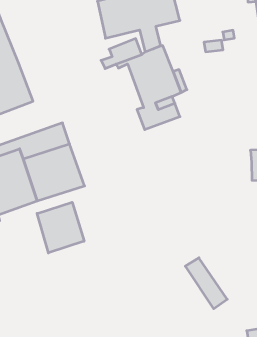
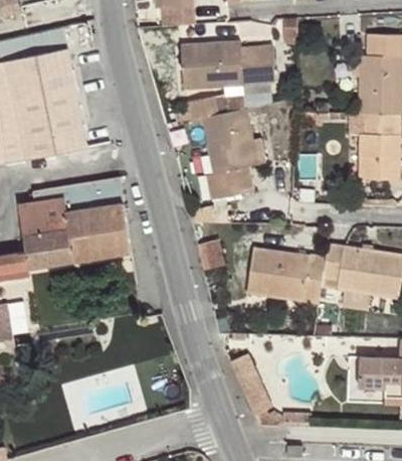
building: none -> [246,247,325,303]
building: [37,202,84,253] -> none

